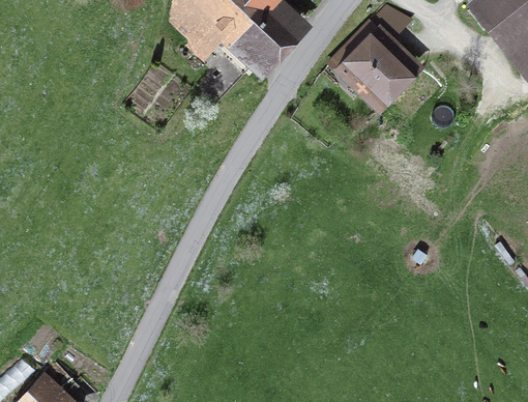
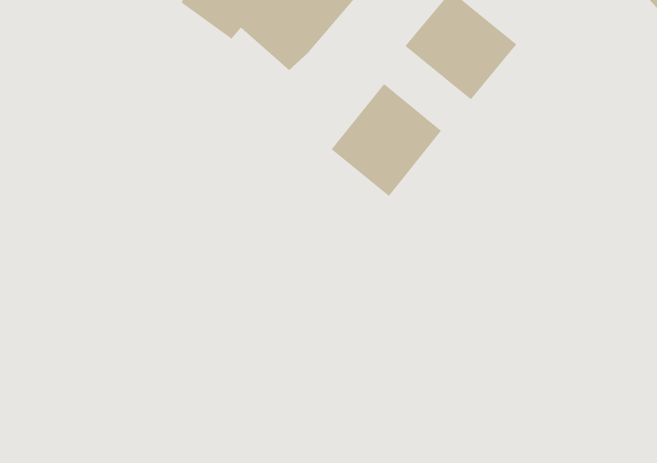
building: none -> [331,83,442,197]

